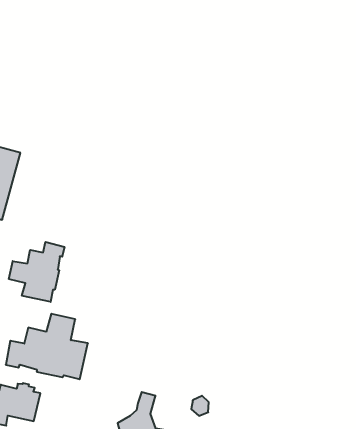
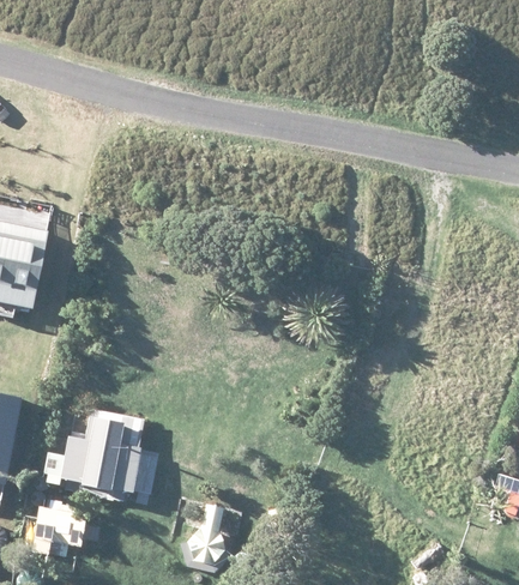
building: [9,242,64,302] -> none

